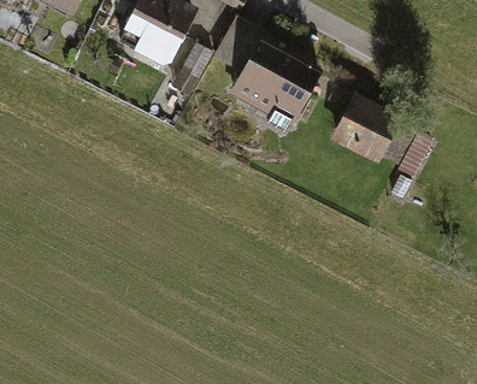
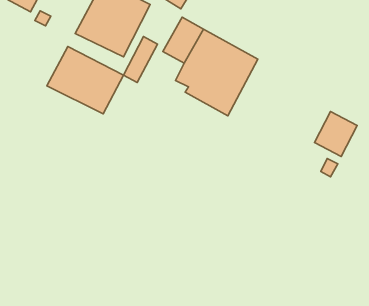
building: none -> [47,47,123,114]
building: [331,93,400,164] -> none

